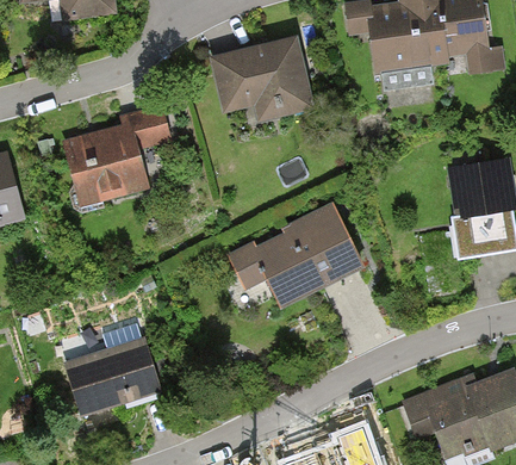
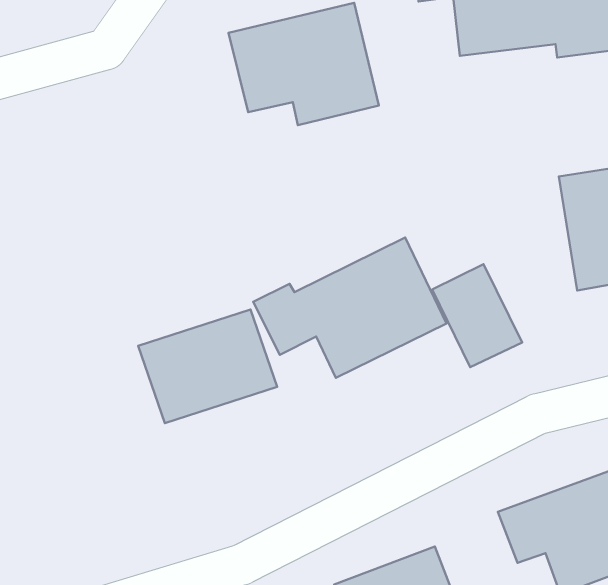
building: [63,106,170,205] -> none
building: none -> [432,264,522,367]
building: [63,337,163,420] -> [138,309,277,423]

